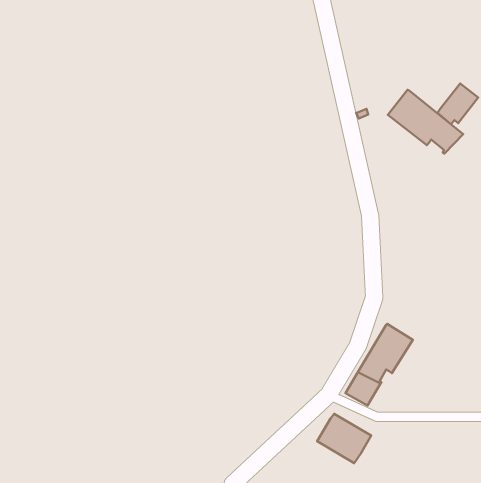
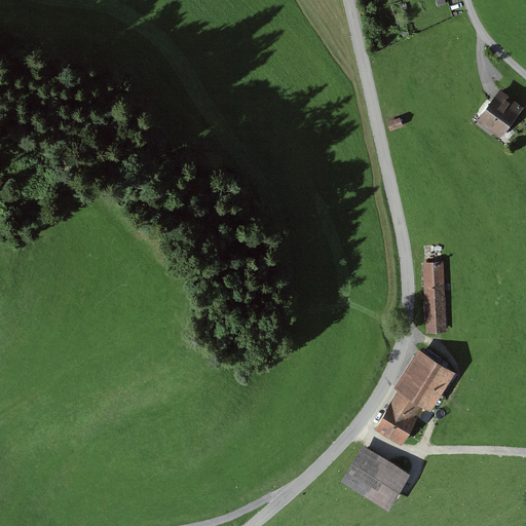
building: [388,90,463,153] -> none
building: none -> [425,263,446,327]

